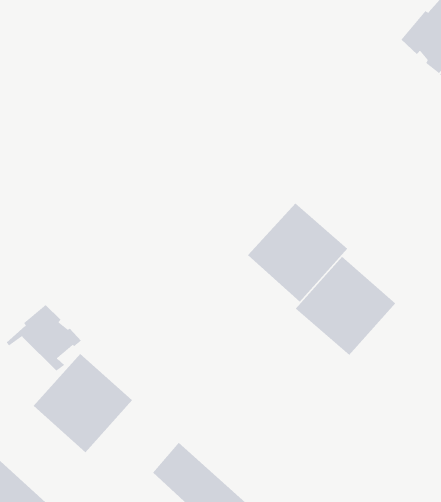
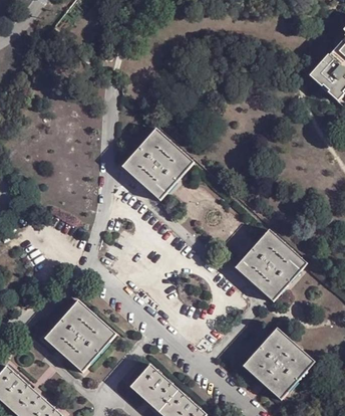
building: [247,203,348,303] -> [120,128,194,200]
building: [6,304,82,371] -> none
building: none -> [244,328,315,399]

